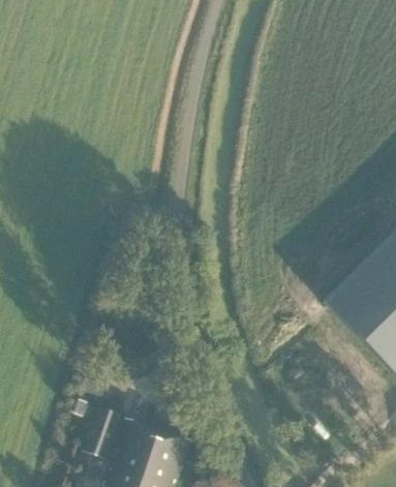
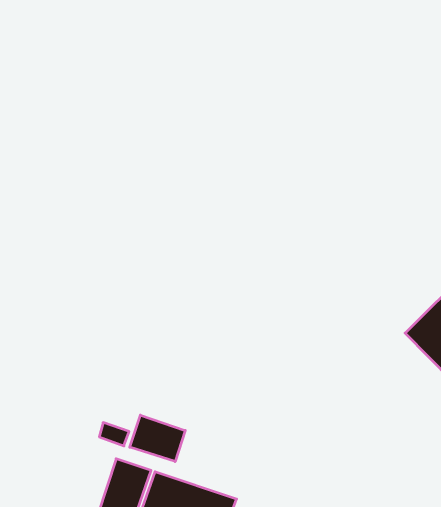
building: none -> [130,415,185,462]

